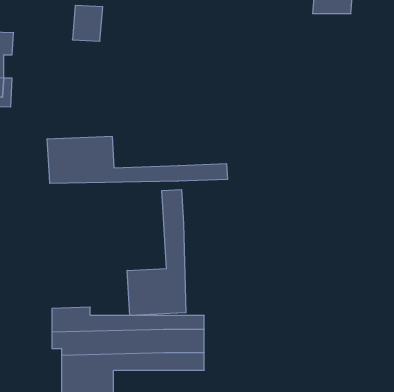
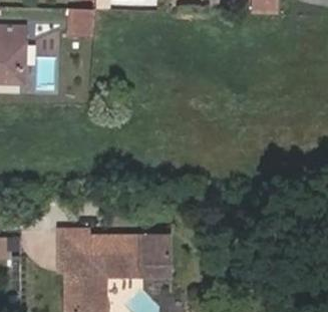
building: [47,136,227,183] -> none
building: [127,190,186,315] -> none

